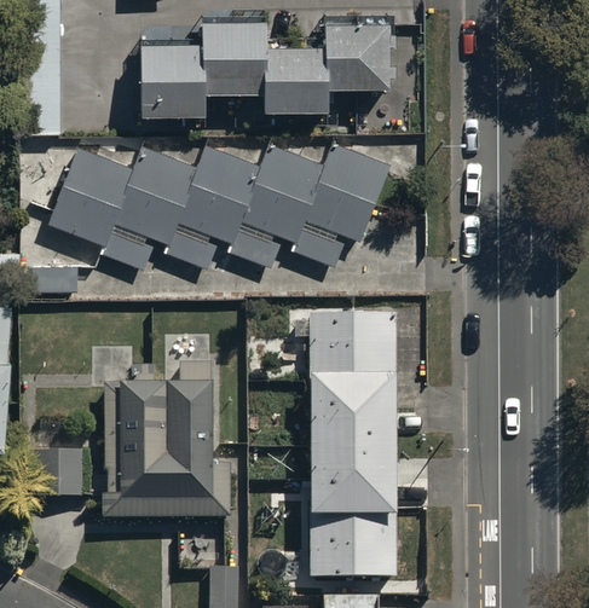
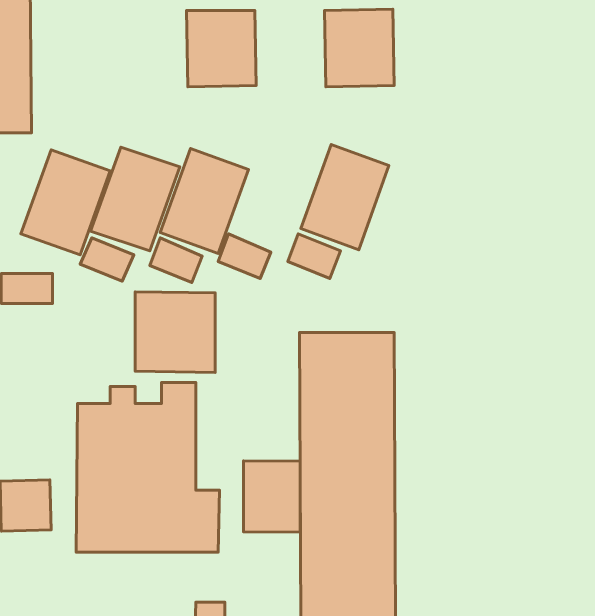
building: [267,45,330,115] -> none
building: [140,46,203,116] -> none
building: [243,145,325,242] -> none
building: none -> [135,292,215,372]
building: none -> [244,461,300,532]

